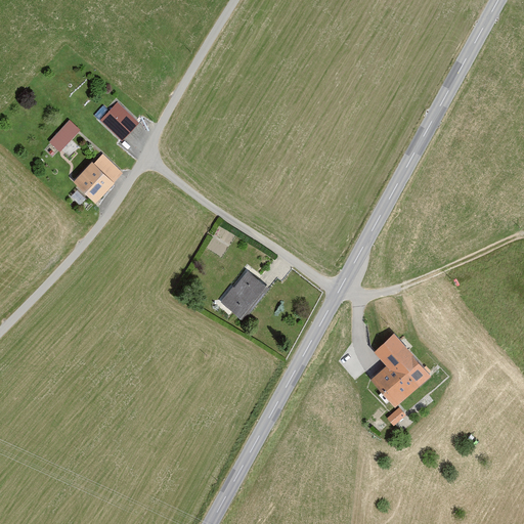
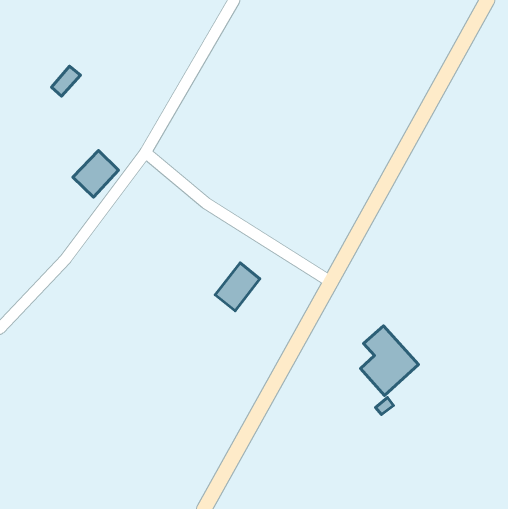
building: [101,102,139,140] -> none
building: [50,121,80,151] -> [52,66,80,96]

